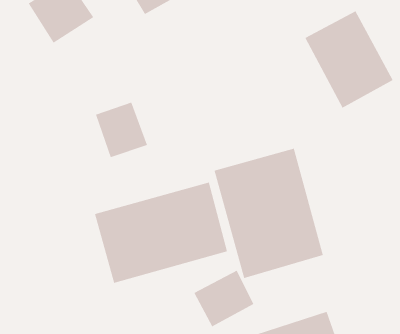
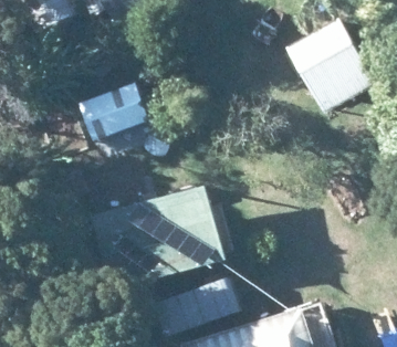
building: [214,148,324,279] -> none

